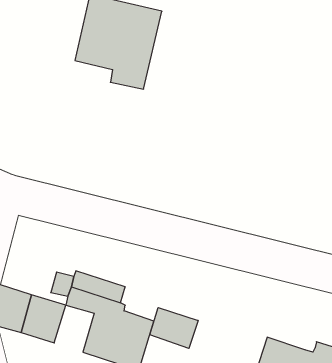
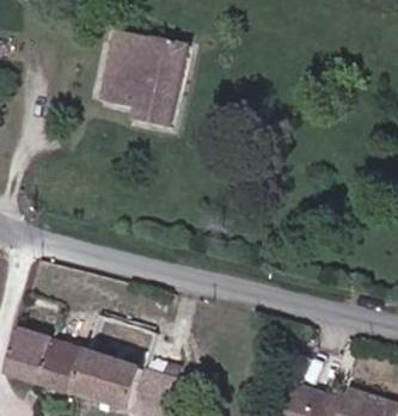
building: none -> [74,353,116,402]
building: [150,308,198,348] -> none

